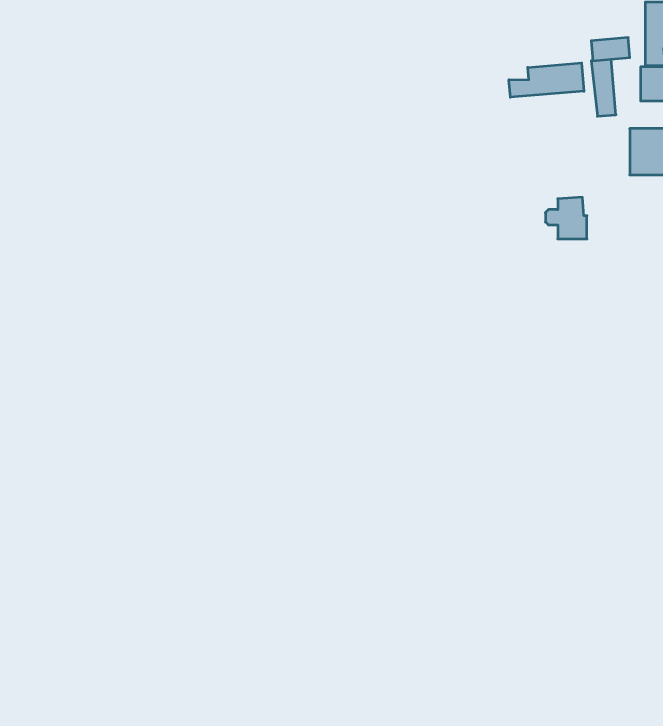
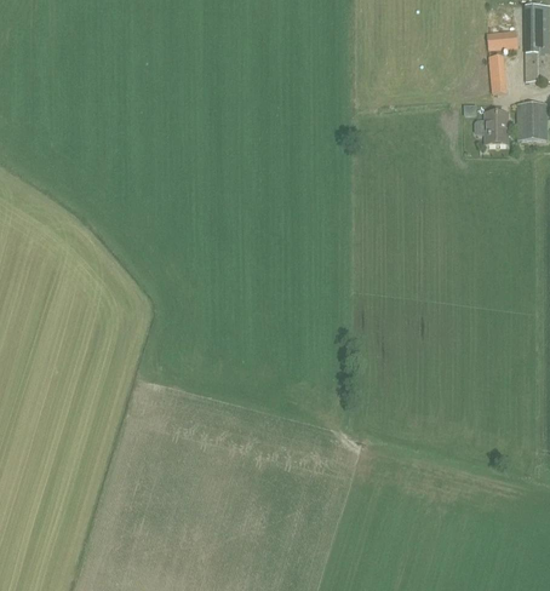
building: [509,63,584,97] -> none
building: [545,197,587,239] -> [474,110,506,143]

